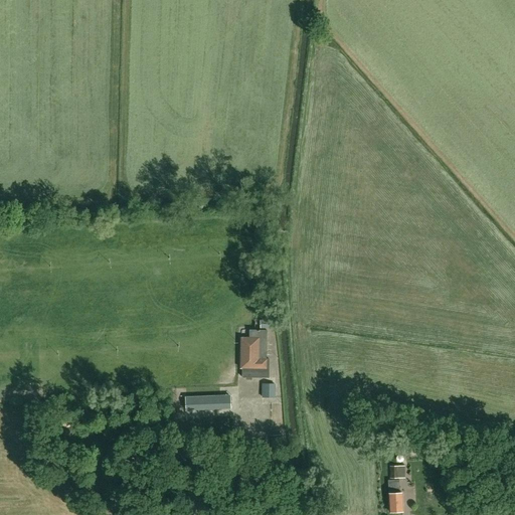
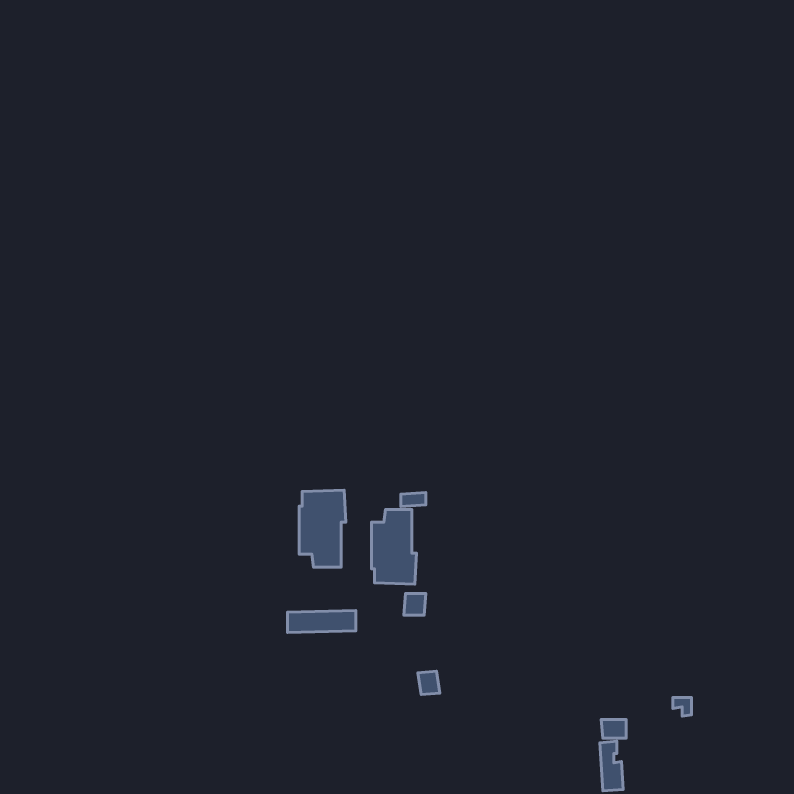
building: none -> [299,490,346,567]

